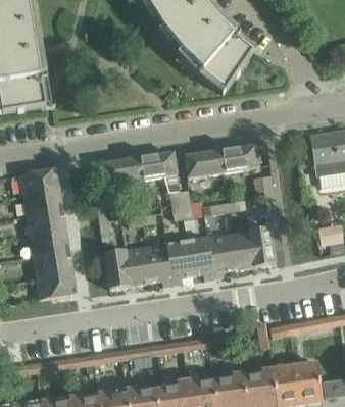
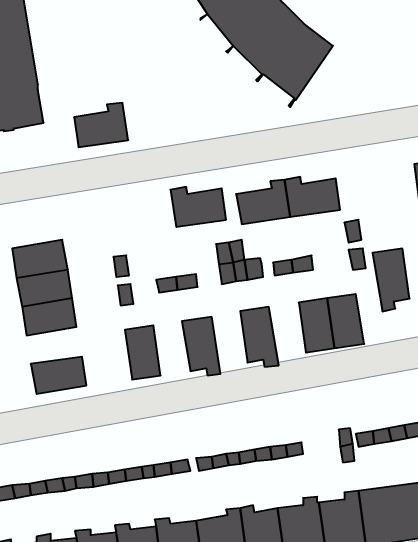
building: [102,152,141,184] -> [74,103,128,147]
building: [20,167,59,194] -> none
building: [207,233,234,277] -> [372,249,410,311]
building: [166,239,192,284] -> none
building: [125,246,151,285] -> none
building: [34,250,73,276] -> none

